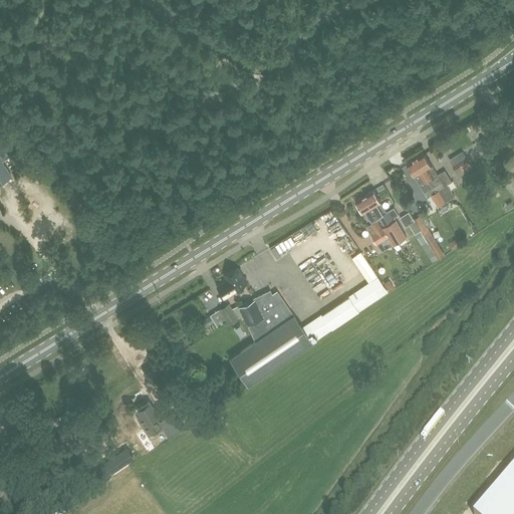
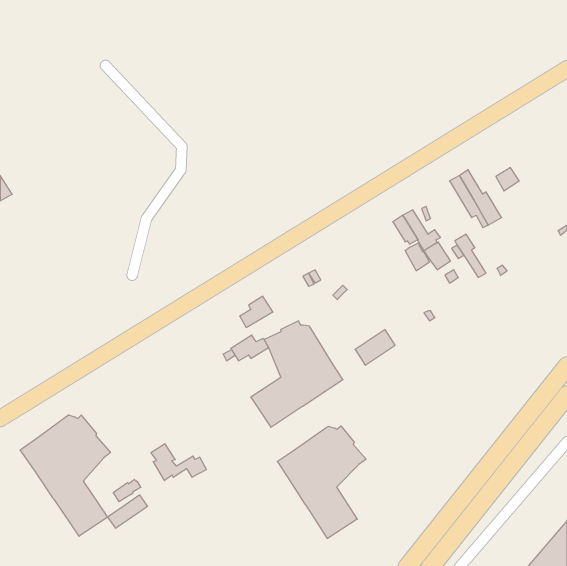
building: none -> [20,415,110,536]
building: none -> [277,426,366,538]

